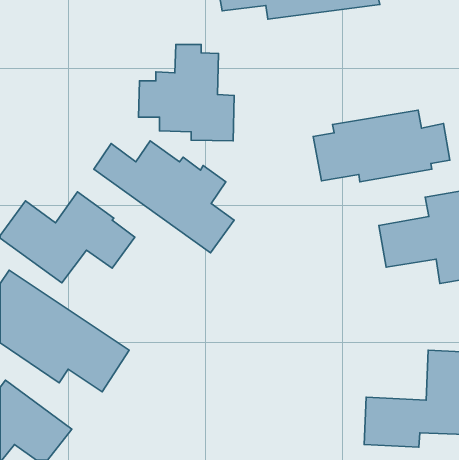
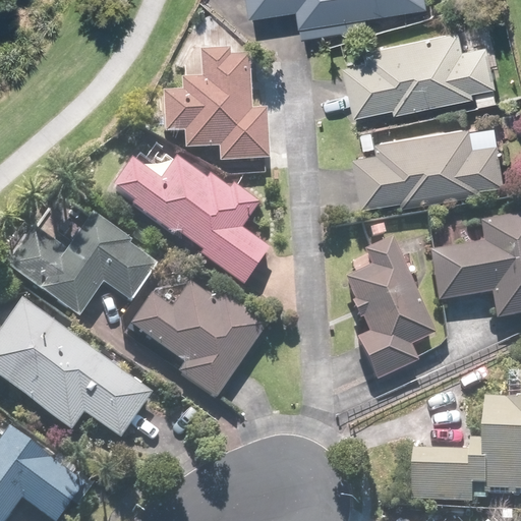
building: none -> [348,23,502,114]
building: none -> [347,239,437,378]
building: none -> [129,283,266,397]

